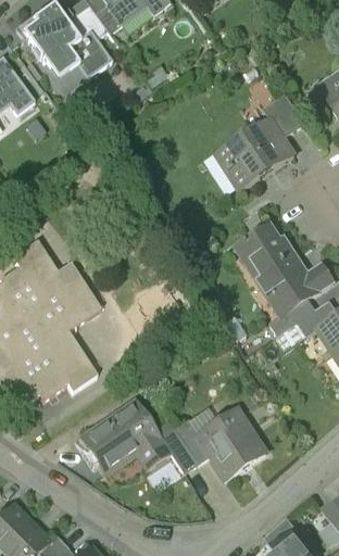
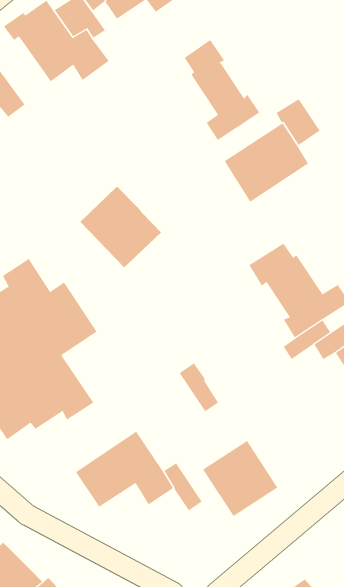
building: none -> [184,39,260,141]
building: none -> [80,186,162,268]
building: [173,420,210,466] -> [179,362,219,412]

